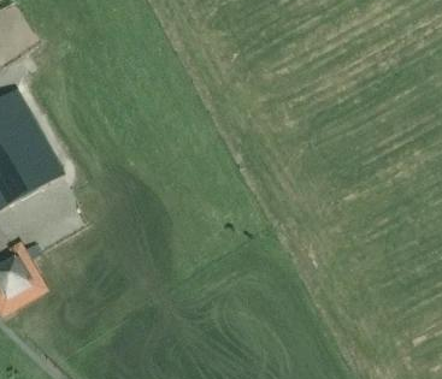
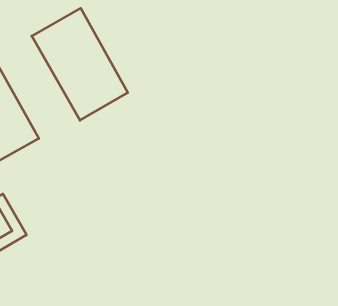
building: none -> [32,8,128,120]

